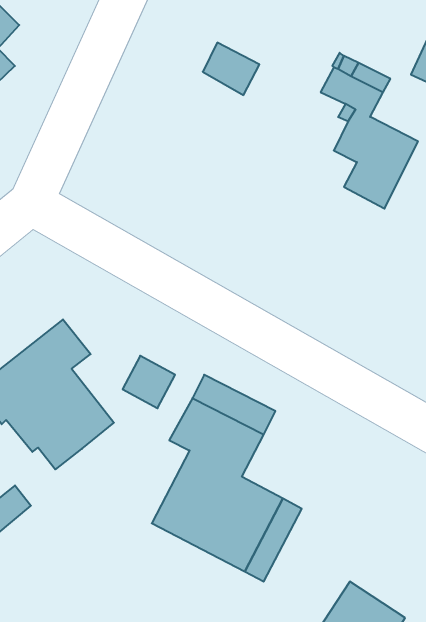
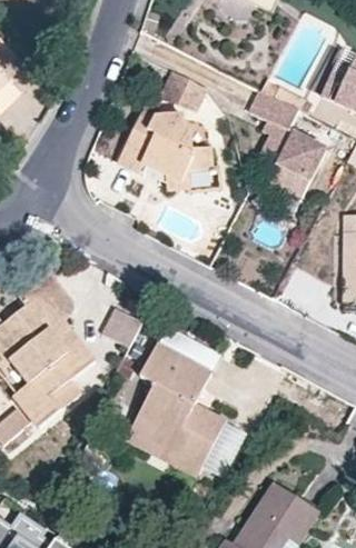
building: none -> [117,106,211,188]
building: none -> [13,380,80,428]

